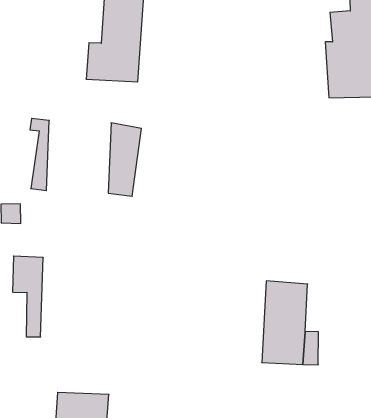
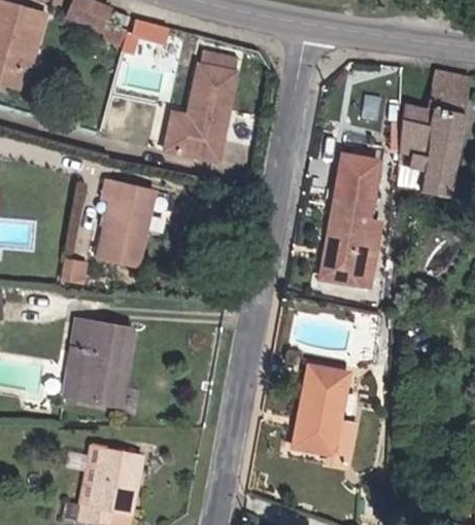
building: none -> [326,157,387,287]
building: [108,123,141,196] -> [104,180,145,256]
building: none -> [80,317,123,400]

